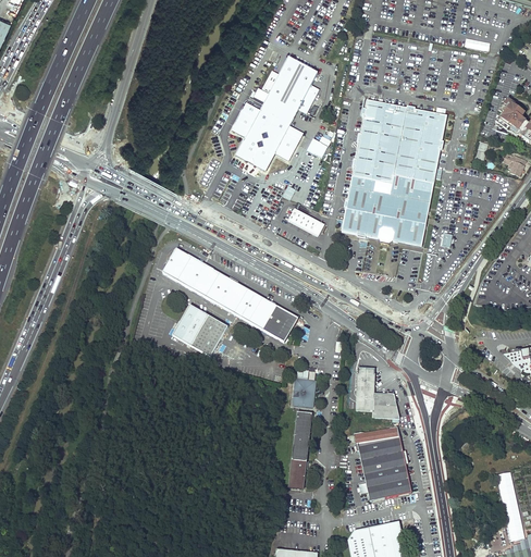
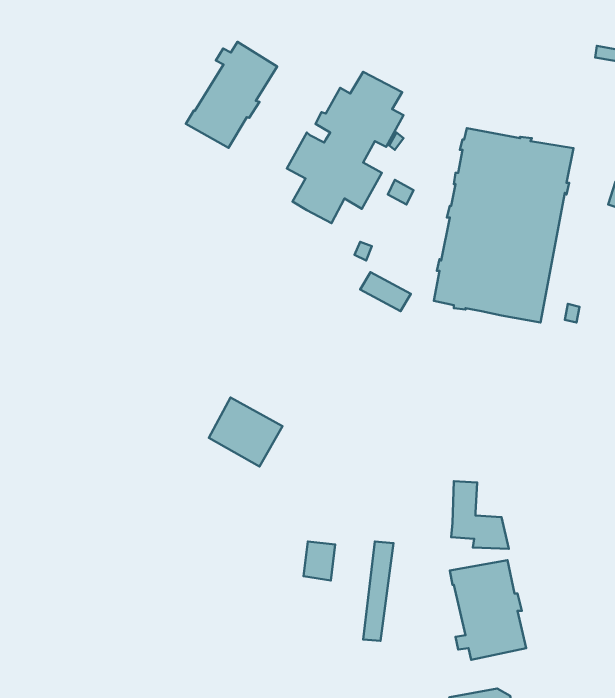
building: none -> [186,42,277,148]
building: [162,248,297,341] -> none
building: [292,379,316,408] -> [303,542,335,580]

